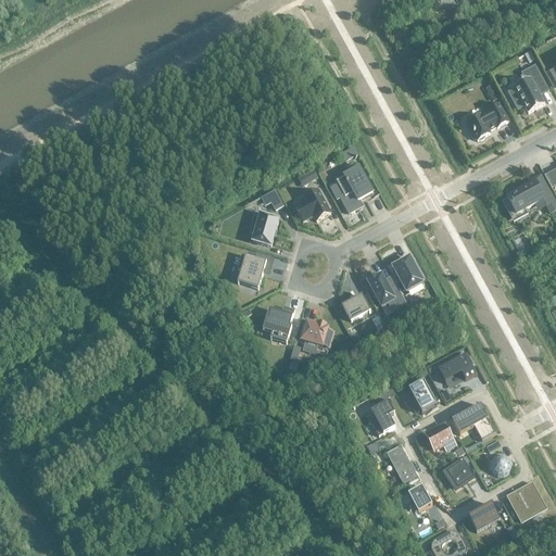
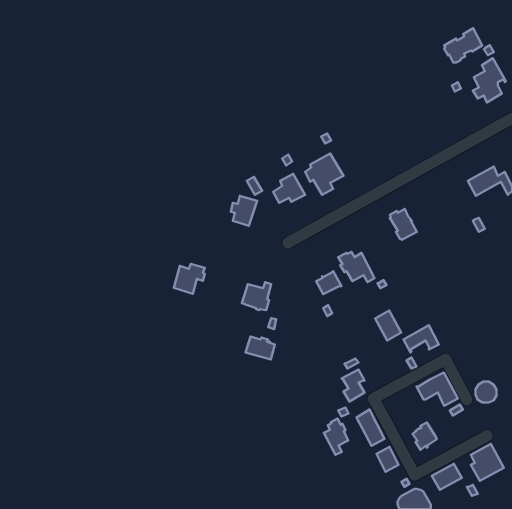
building: [466,101,507,138] -> [444,28,482,62]
building: [238,251,271,283] -> [174,264,205,294]
building: [392,255,421,289] -> [390,209,417,240]
building: [301,320,332,345] -> [246,336,275,360]
building: [407,379,435,412] -> [375,310,401,341]
building: [425,422,454,447] -> none
building: [489,452,511,475] -> [475,381,496,402]
building: none -> [324,418,348,455]

